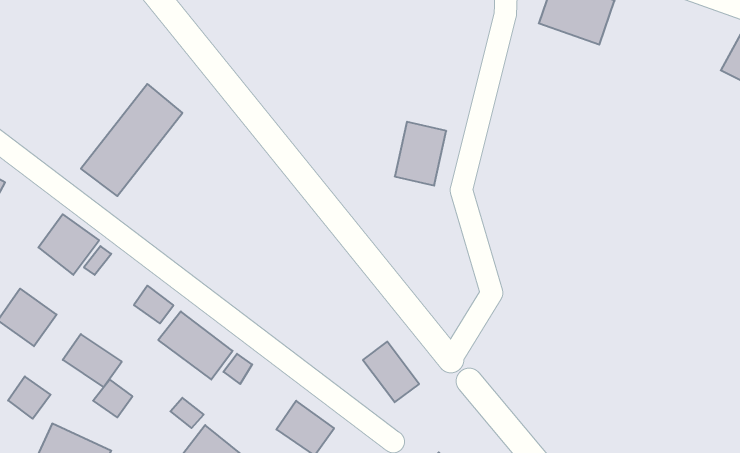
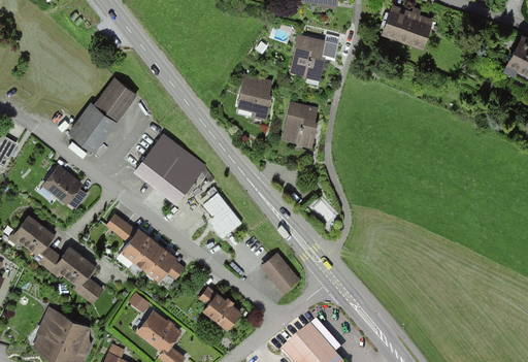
building: none -> [287,35,328,84]
building: none -> [237,74,271,118]
building: none -> [136,134,205,202]
building: none -> [194,187,235,230]
building: [8,376,51,419] -> [34,243,63,272]

